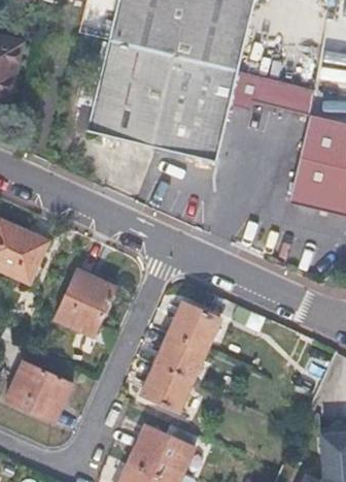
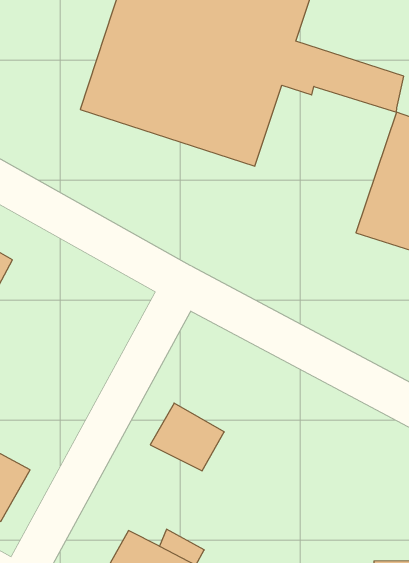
building: [57,263,117,331] -> none
building: [170,302,220,350] -> none
building: [144,363,194,406] -> none

